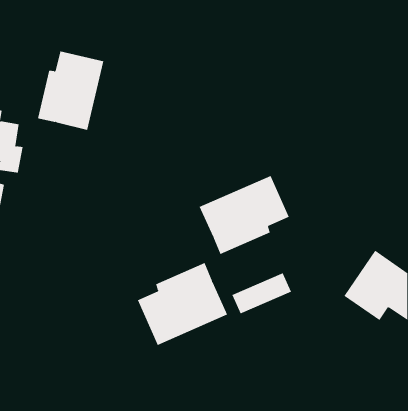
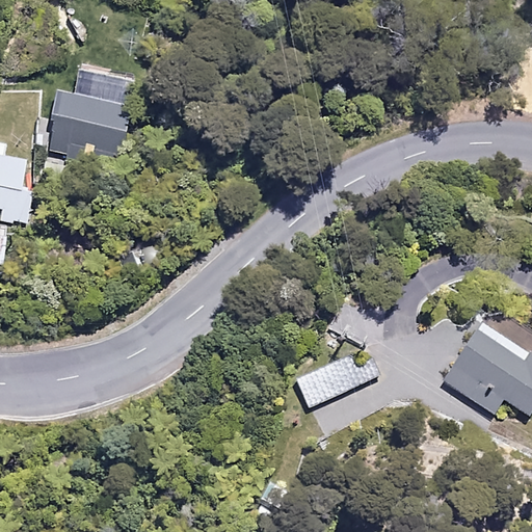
building: [199,175,290,255] -> none
building: [137,262,228,346] -> none

